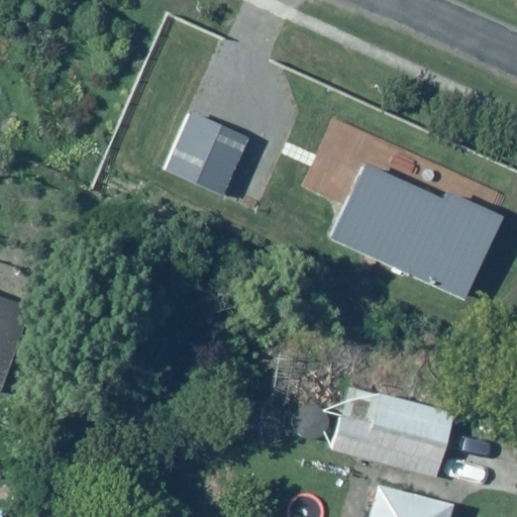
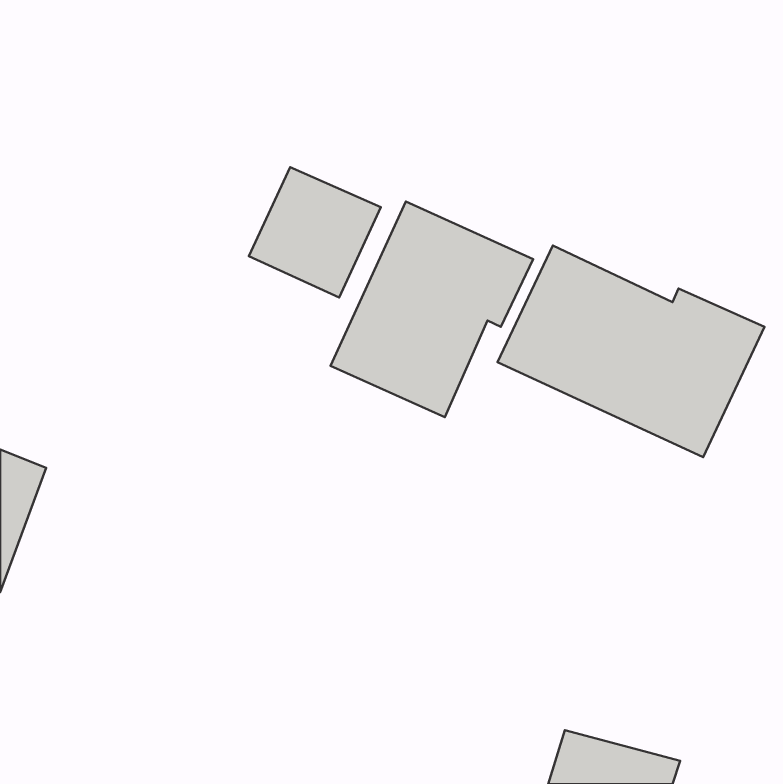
building: none -> [330,202,533,417]
building: [332,387,448,477] -> none

